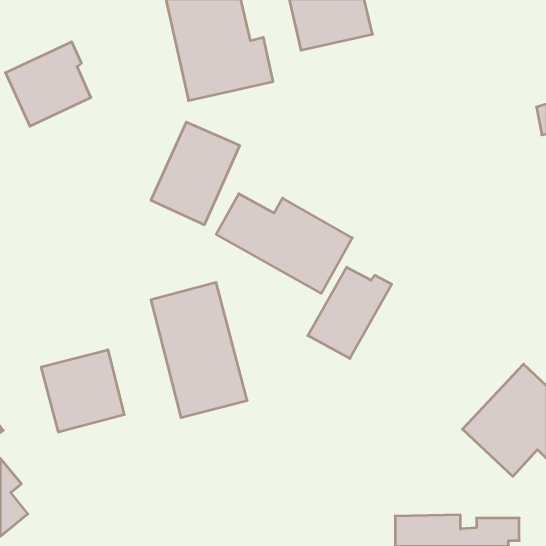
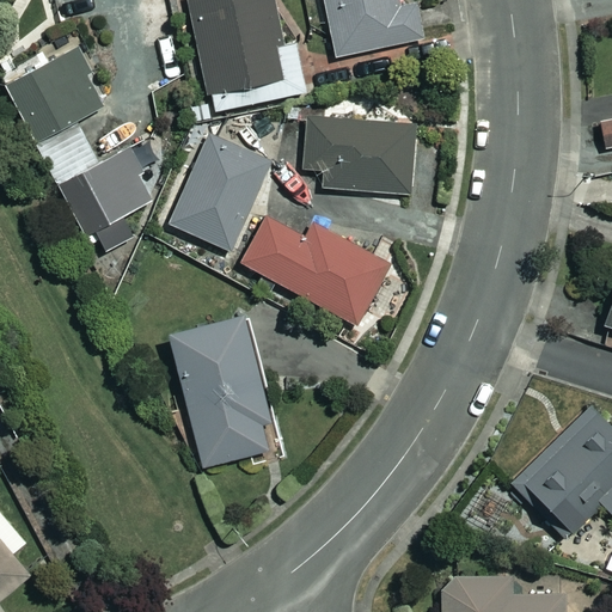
building: none -> [302,117,415,195]
building: none -> [60,153,151,251]
building: [308,267,392,359] -> none
building: [41,350,124,432] -> none

